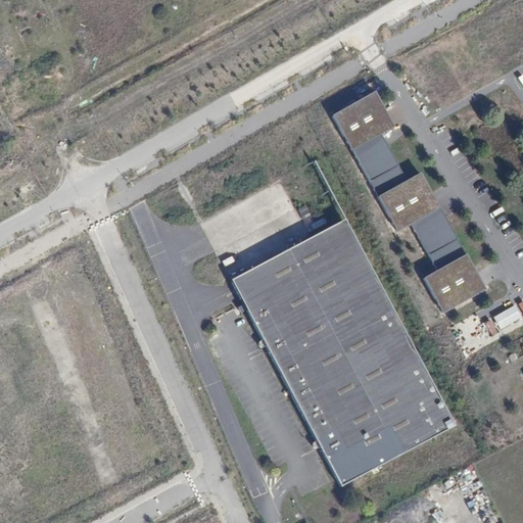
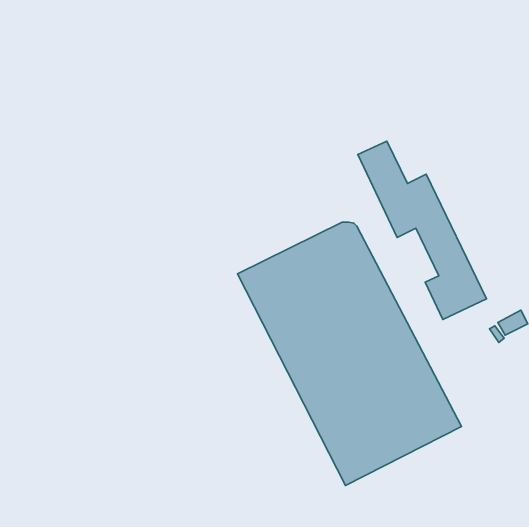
building: [328,95,393,156] -> none

